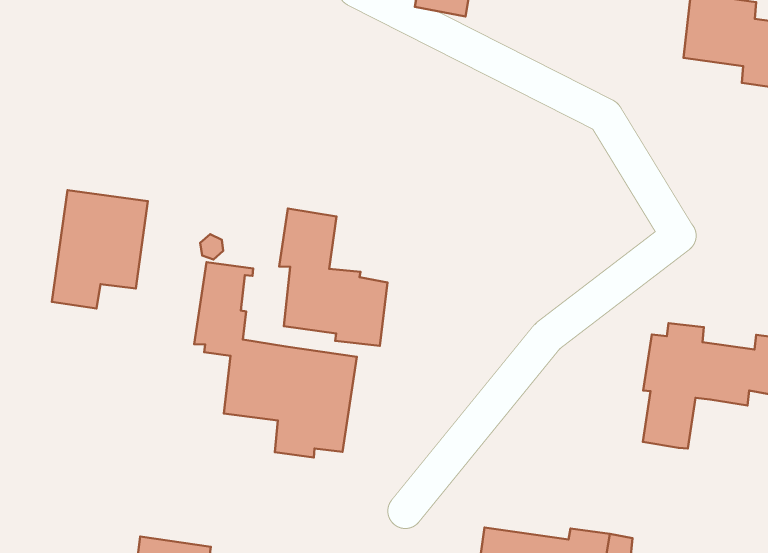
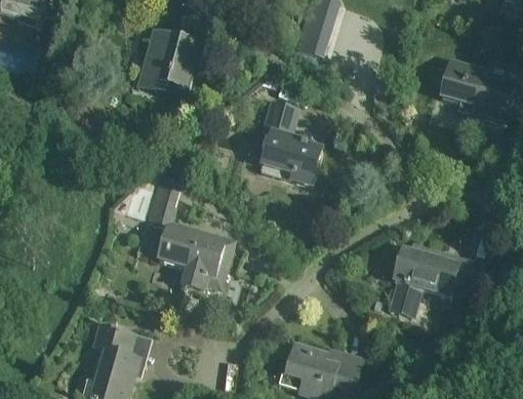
building: [52,190,148,309] -> [137,30,199,98]
building: [279,209,388,346] -> [258,98,320,183]

